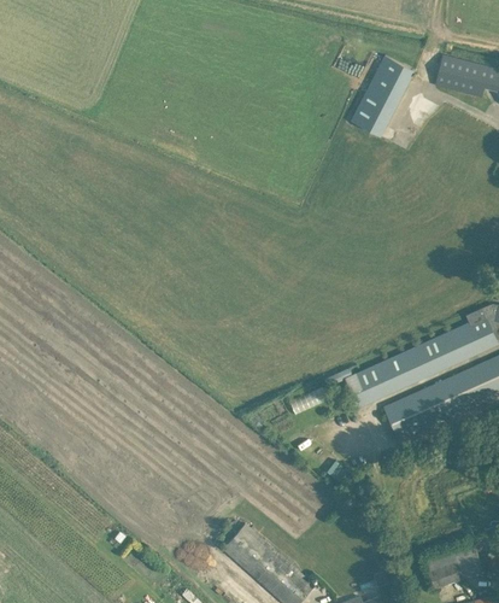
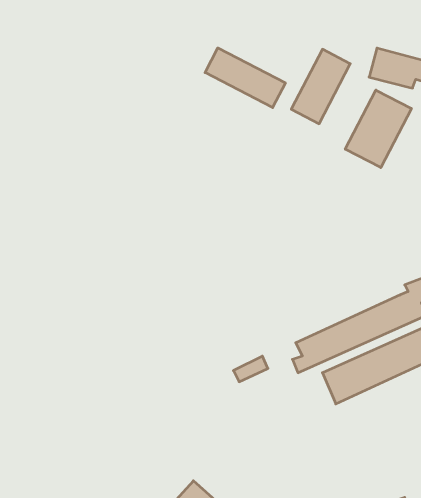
building: none -> [205,48,285,108]
building: none -> [345,90,411,168]

